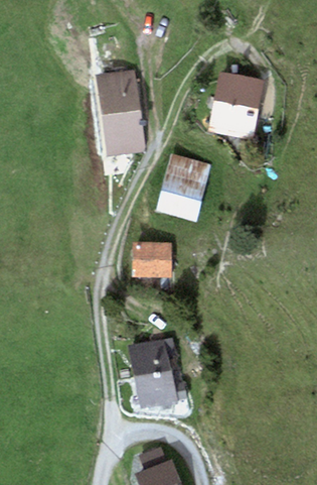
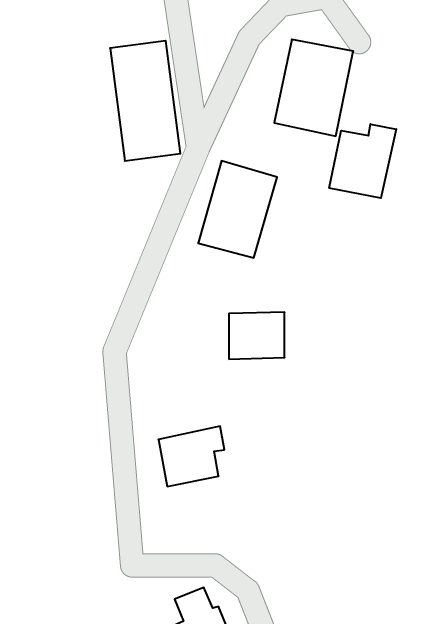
building: none -> [329,124,396,198]
building: [133,245,171,277] -> [229,312,285,359]
building: [135,372,188,409] -> none

